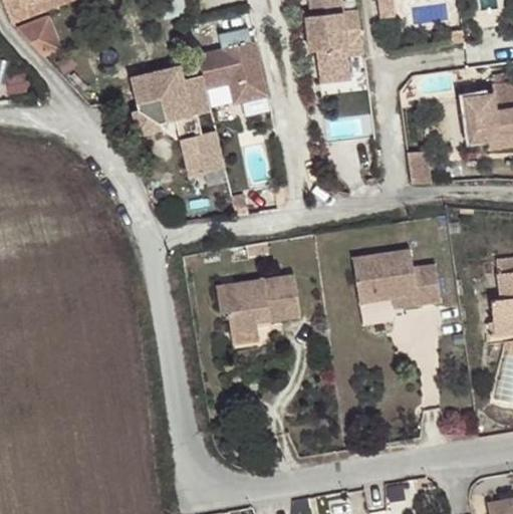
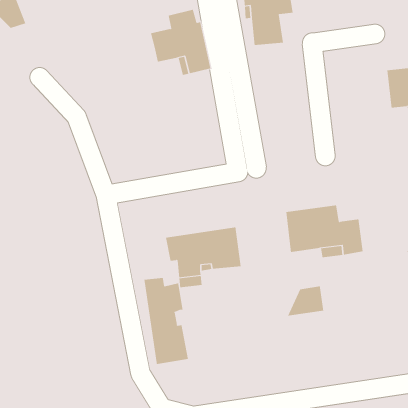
building: [126,61,227,173] -> none
building: none -> [144,277,188,365]
building: none -> [287,286,324,317]

